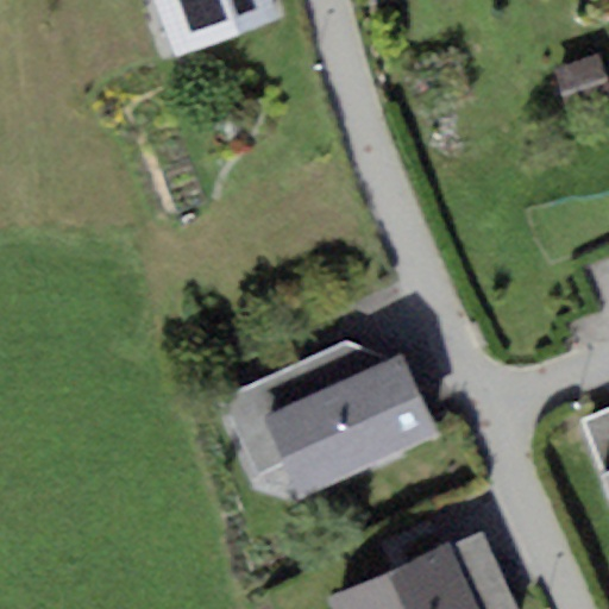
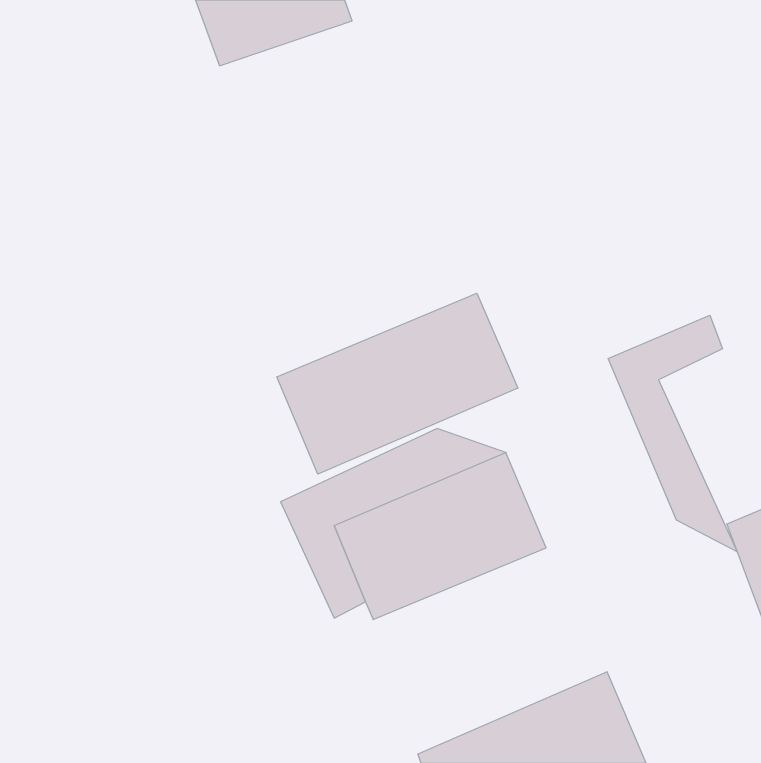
building: none -> [277,293,518,474]
building: none -> [608,315,737,552]

